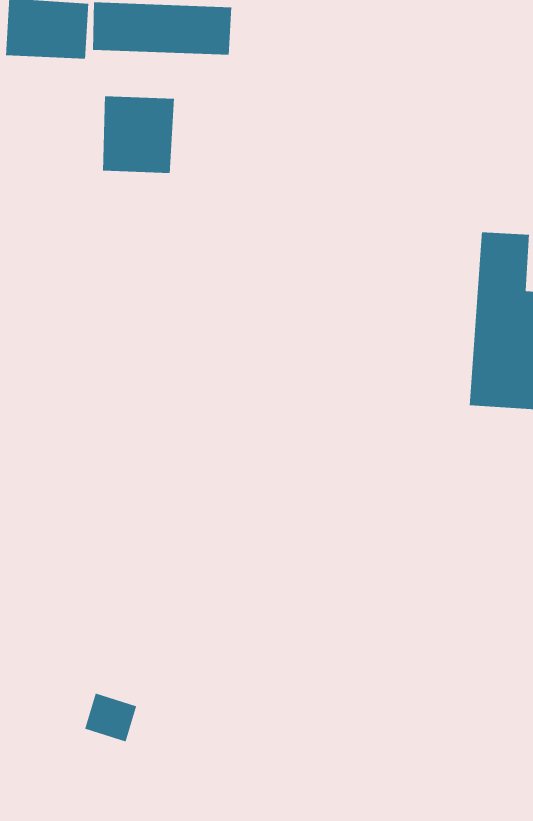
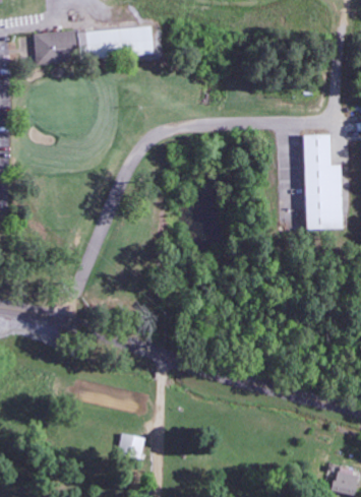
building: [102,95,175,174] -> none
building: [84,692,137,742] -> [118,432,145,457]

